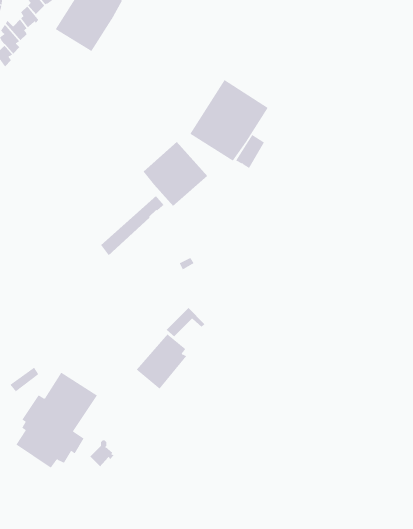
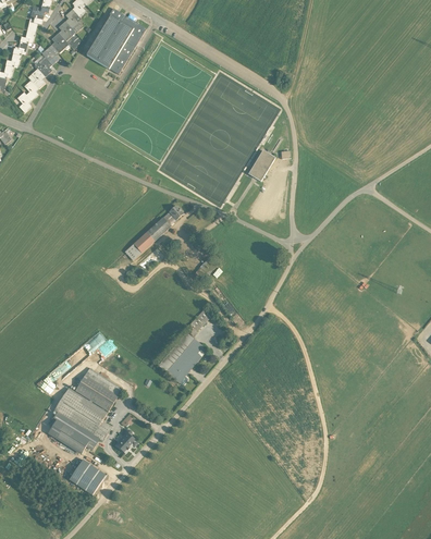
building: [190,79,269,162] -> none
building: [143,141,208,207] -> none
building: none -> [70,458,106,494]

